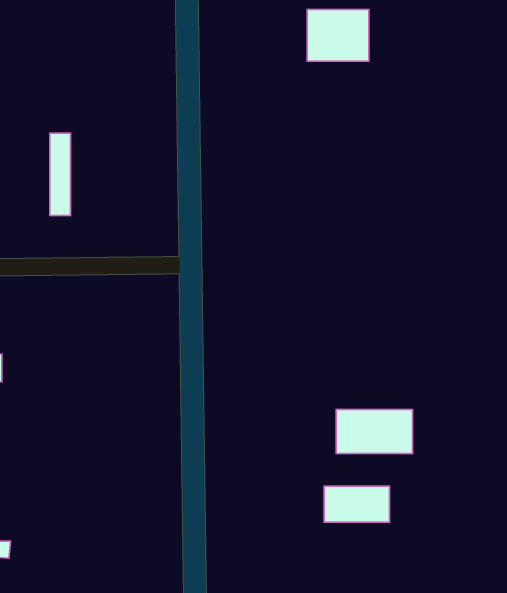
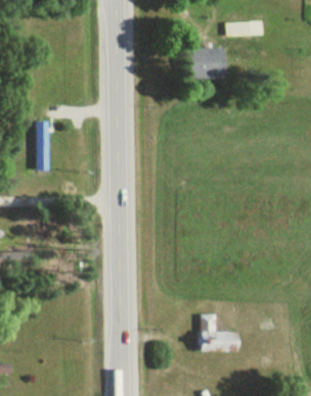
building: [336,409,413,454] -> none

